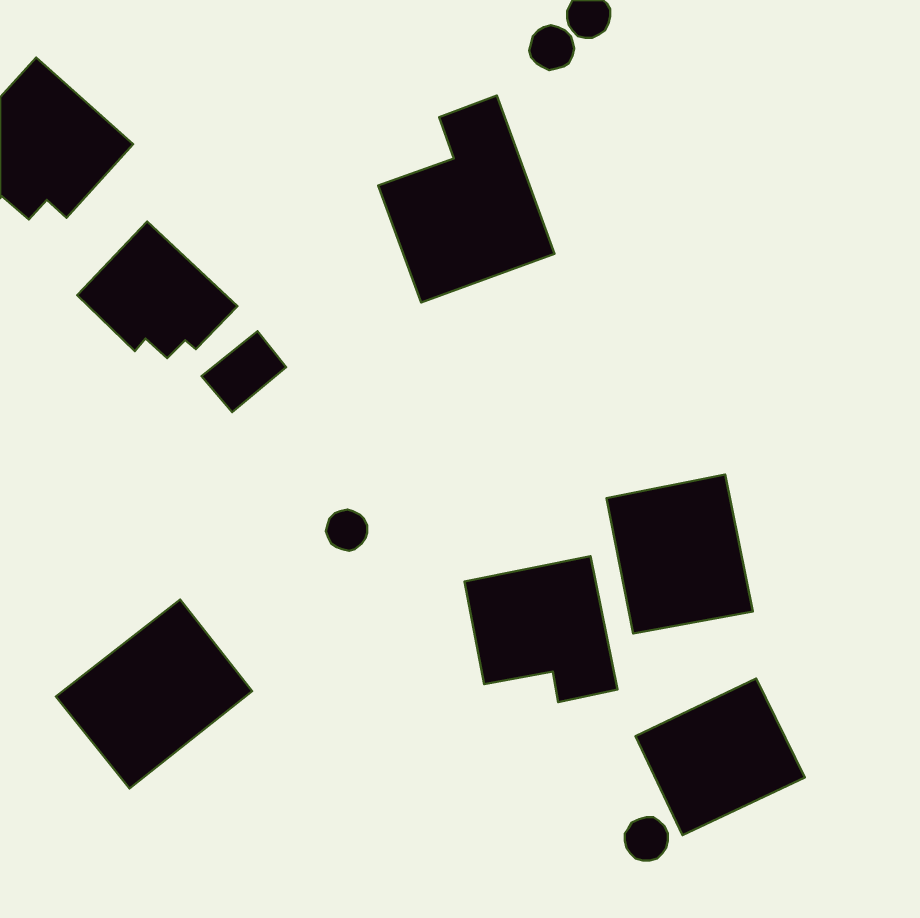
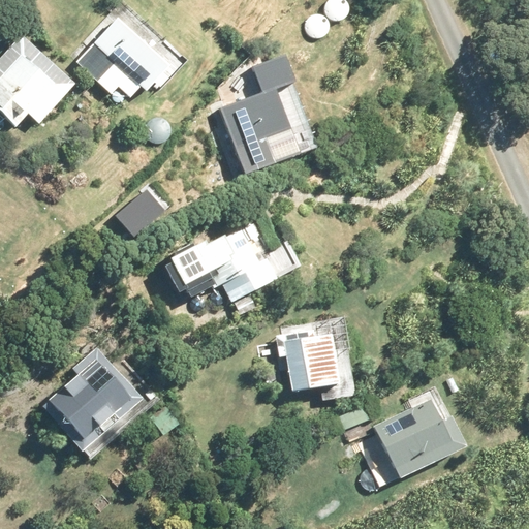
building: [77,221,237,358] -> [79,20,170,98]
building: none -> [159,221,302,304]
building: [607,475,753,634] -> none

